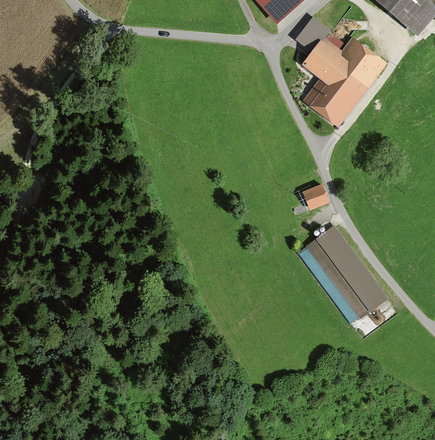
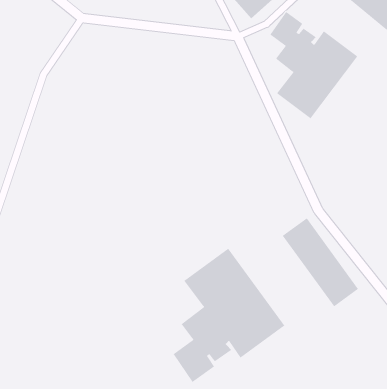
building: [302,180,328,206] -> none
building: none -> [173,248,285,383]

